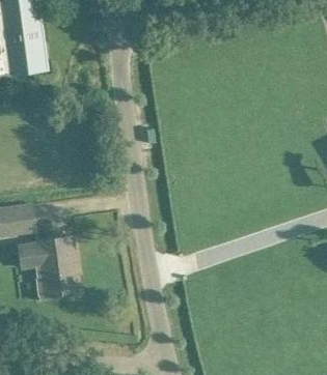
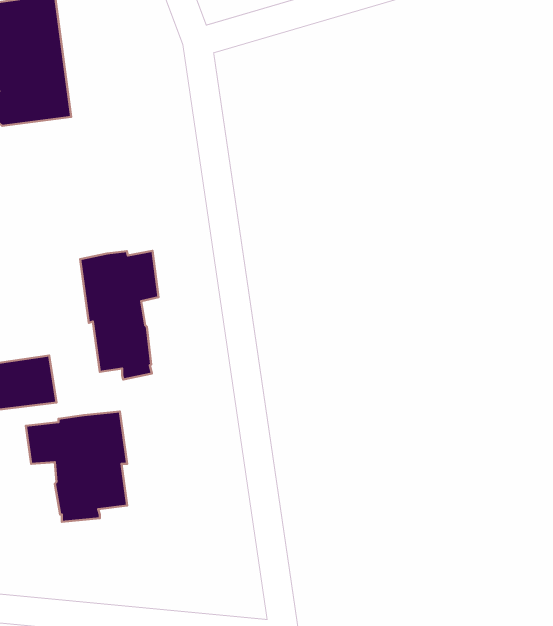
building: none -> [80,251,159,380]

